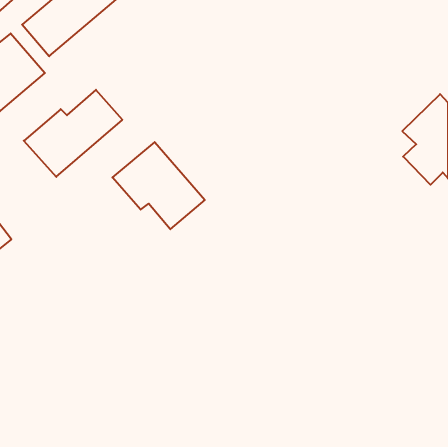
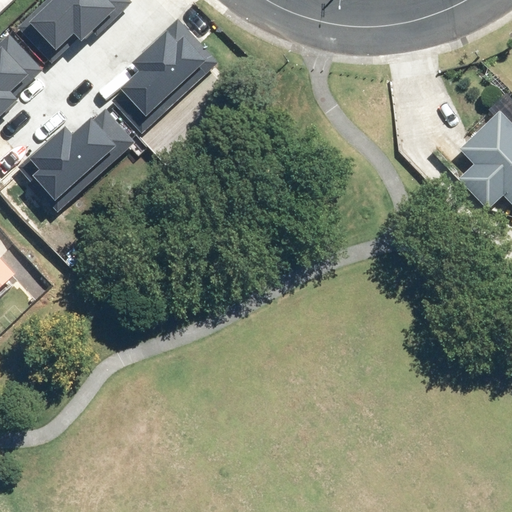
building: none -> [118,14,219,126]
building: [112,142,205,229] -> none

